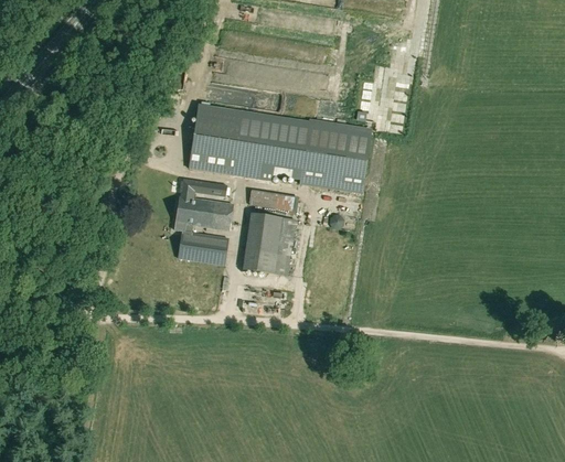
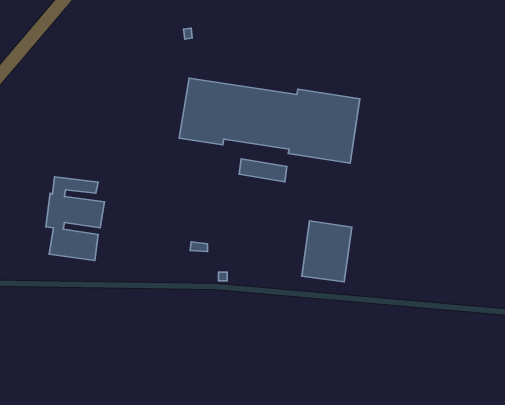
building: [173,179,233,264] -> [46,177,105,261]
building: [243,213,294,275] -> [302,221,352,282]

